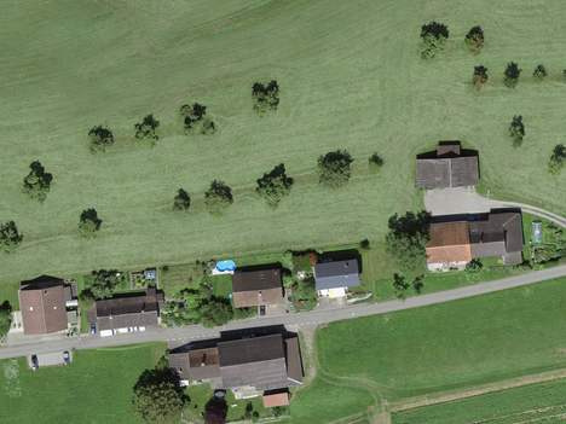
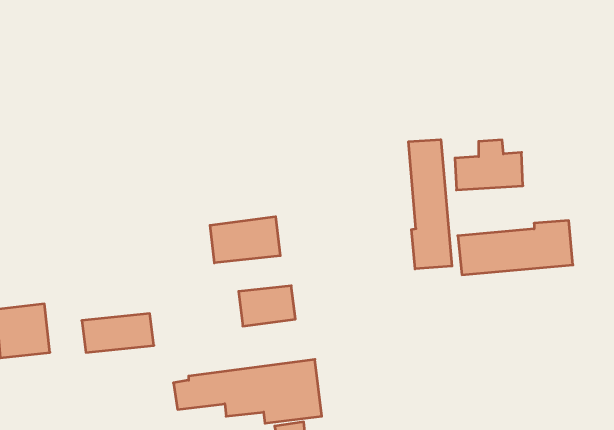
building: none -> [409,140,452,269]
building: none -> [210,217,280,263]
building: [312,259,356,287] -> none

